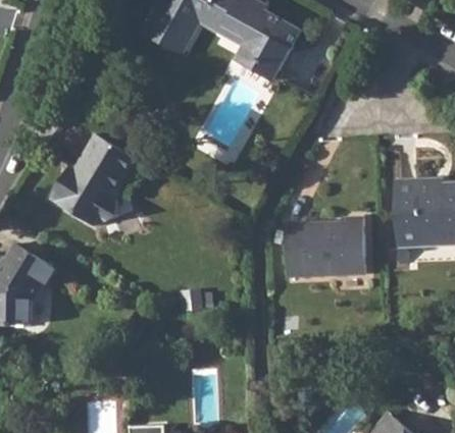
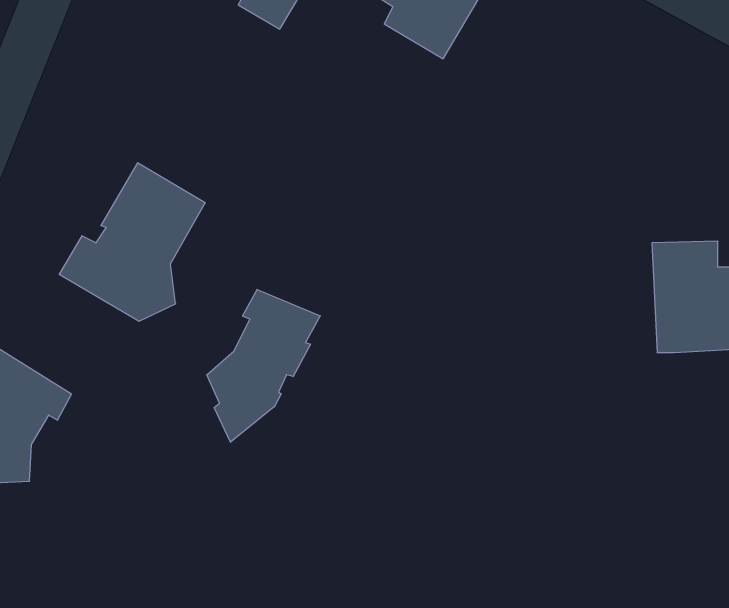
building: none -> [207,289,320,442]
building: [287,217,365,275] -> none

